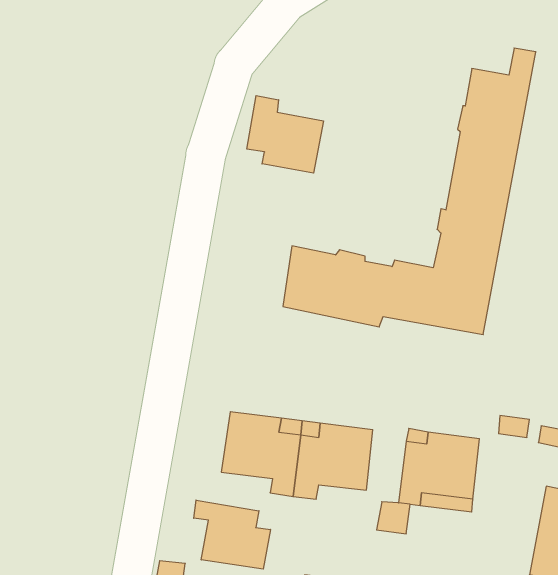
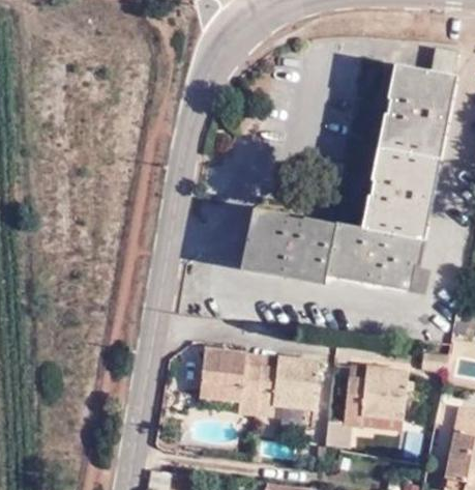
building: [247,96,323,173] -> none
building: [194,500,270,569] -> none

